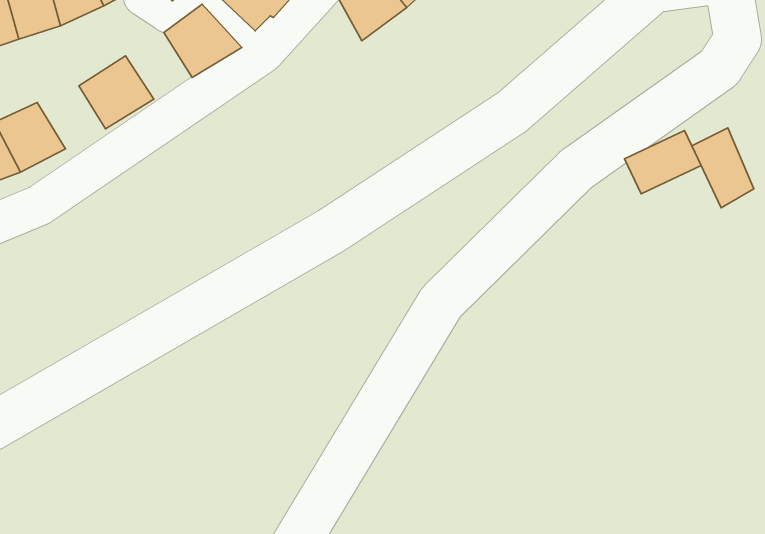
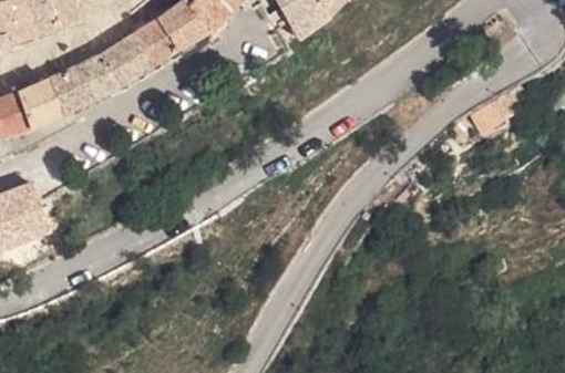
building: none -> [134,22,178,66]
building: none -> [75,58,121,100]
building: [692,128,754,208] -> none

